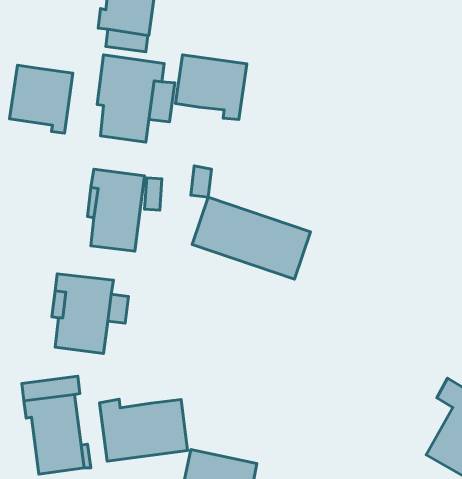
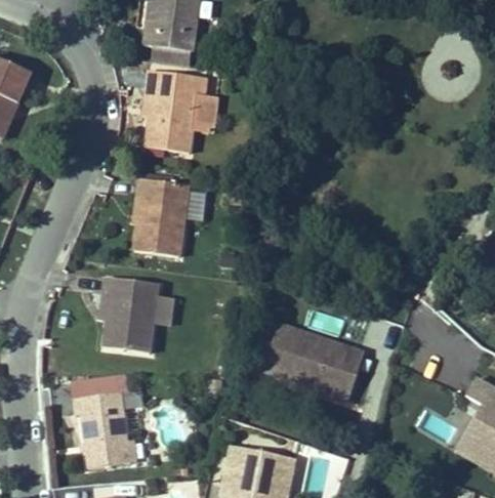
building: [175,55,247,120] -> none
building: [10,65,73,133] -> none
building: [192,197,311,279] -> [251,321,364,399]
building: [100,399,188,461] -> none

